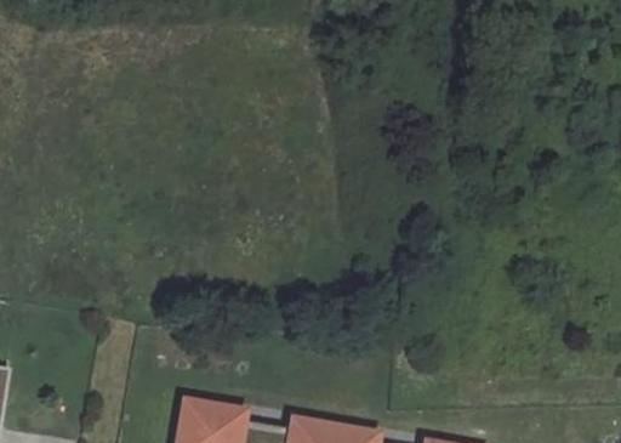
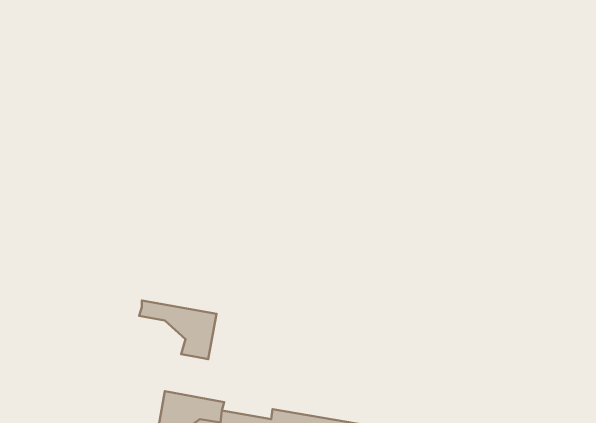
building: none -> [139,300,216,359]

